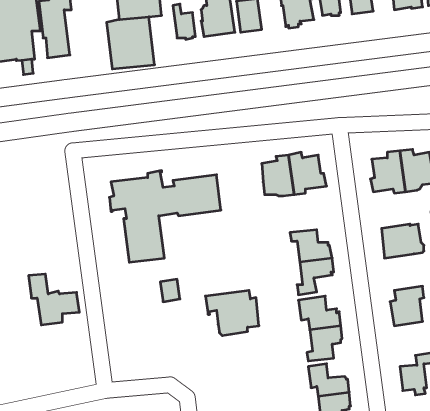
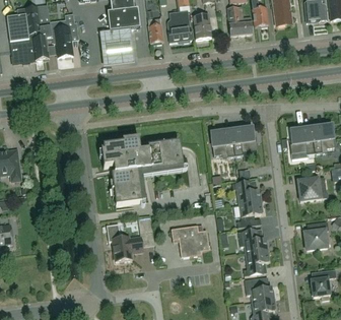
building: [29,274,79,325] -> [107,223,143,260]

